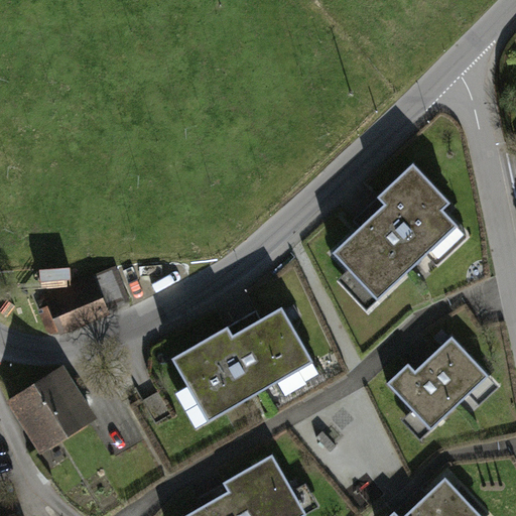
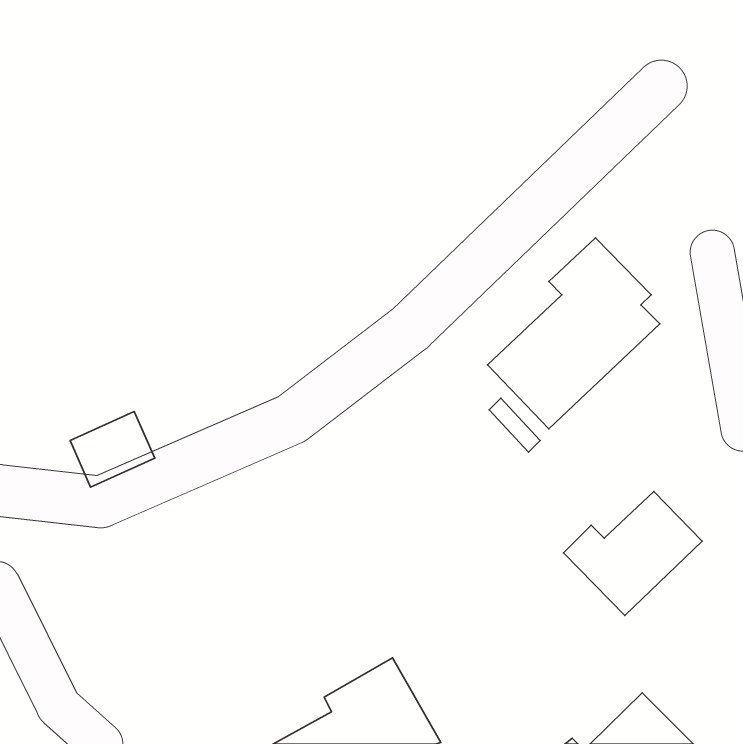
building: [176,311,310,419] -> none
building: [8,373,95,458] -> none

